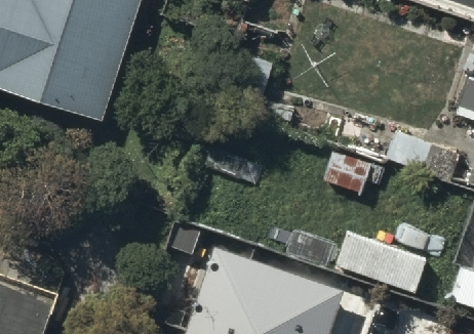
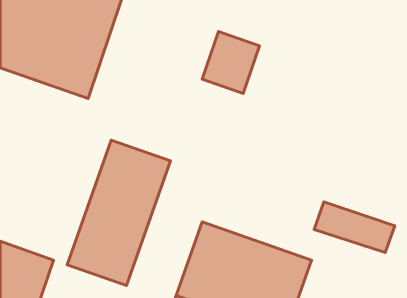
building: none -> [67,140,170,286]

